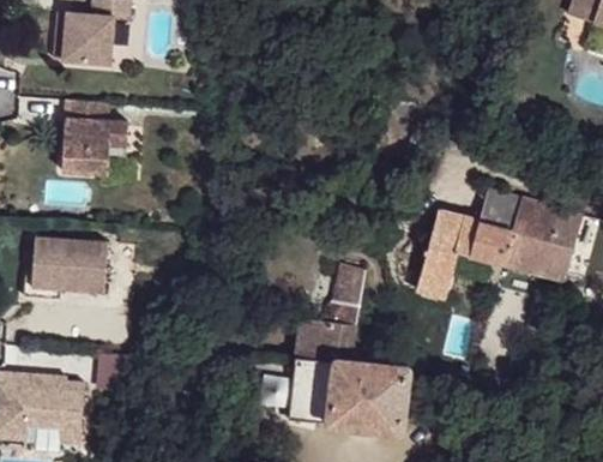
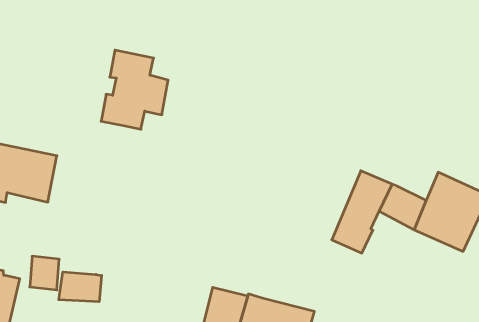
building: [59,98,125,180] -> [101,50,168,129]
building: [480,187,521,229] -> none
building: [296,263,367,361] -> none
building: none -> [59,272,102,302]

